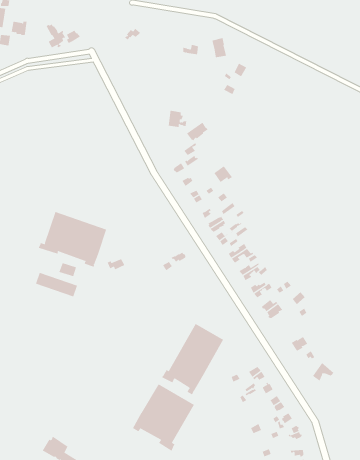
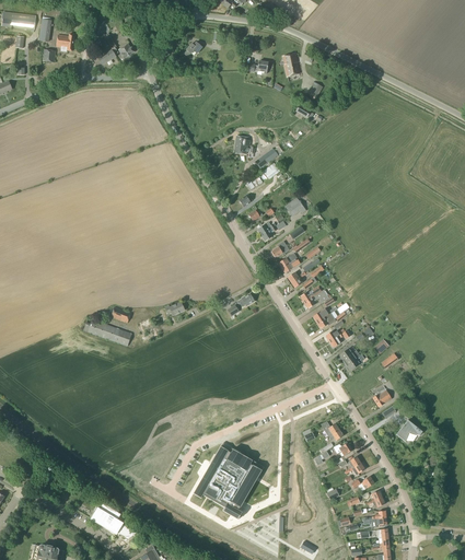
building: [38,211,107,267] -> none
building: [161,323,224,395] -> none

